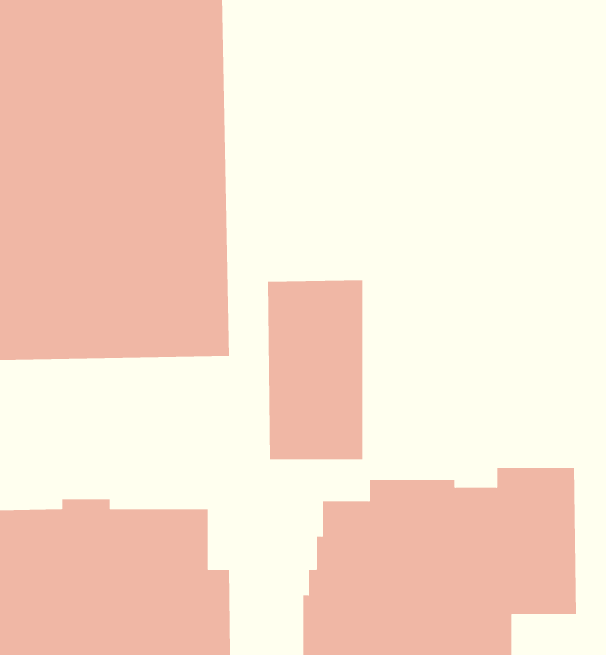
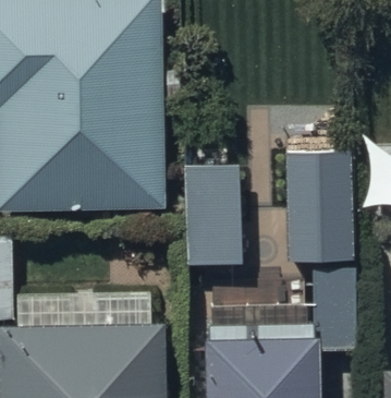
building: none -> [285,147,352,265]

